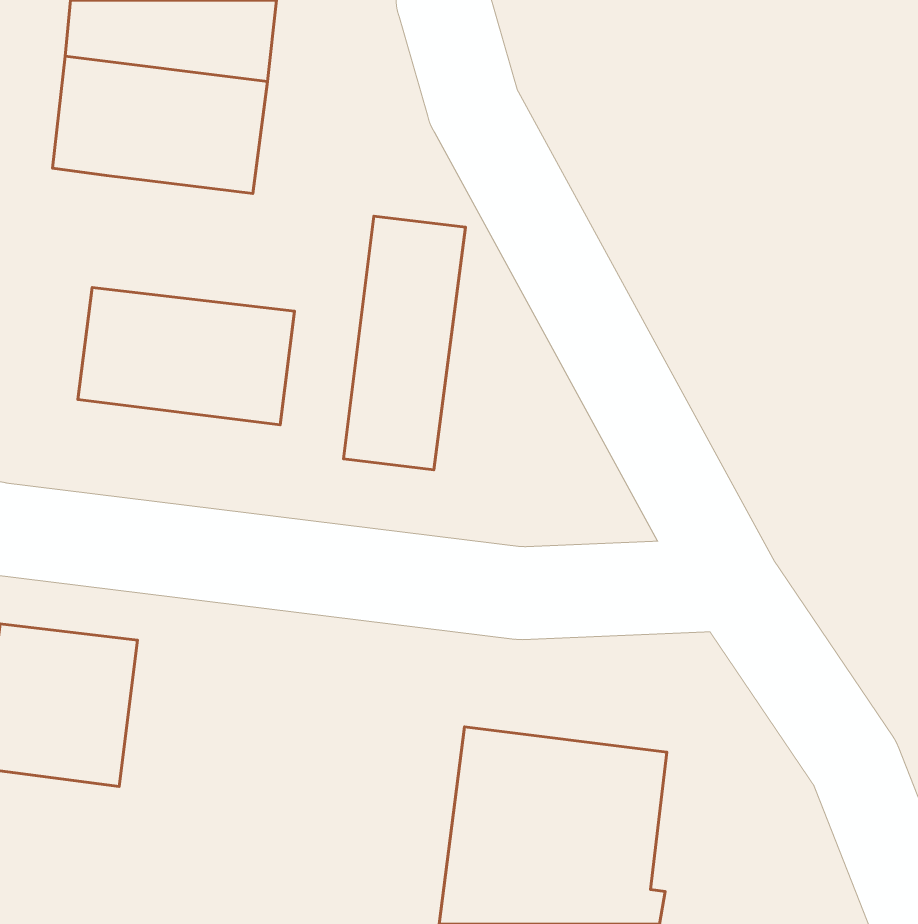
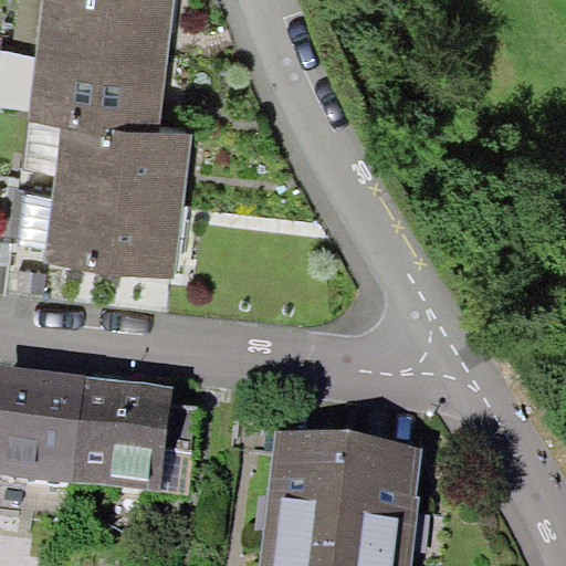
building: none -> [56,107,188,190]
building: [343,216,465,470] -> none
building: none -> [73,391,196,491]

